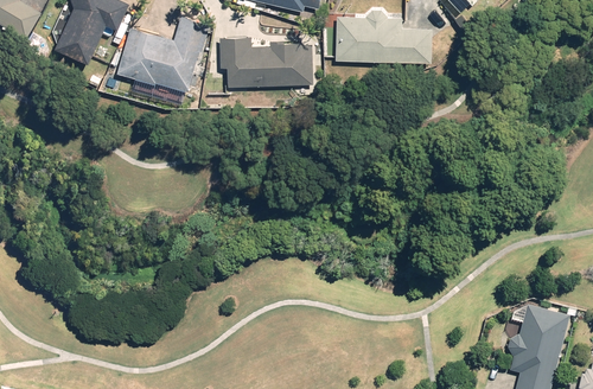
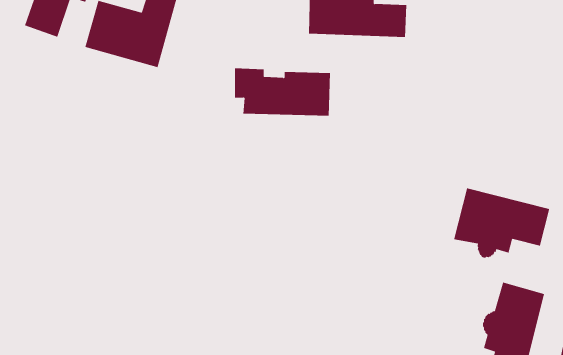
building: [219,39,314,87] -> [234,68,331,116]
building: none -> [453,188,550,259]

